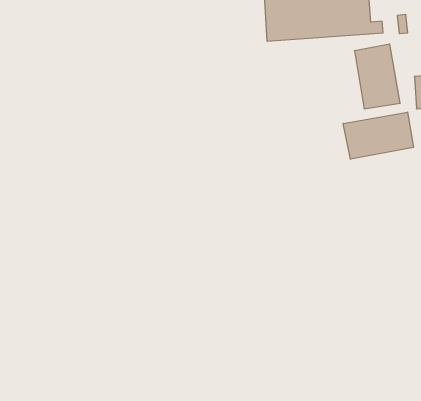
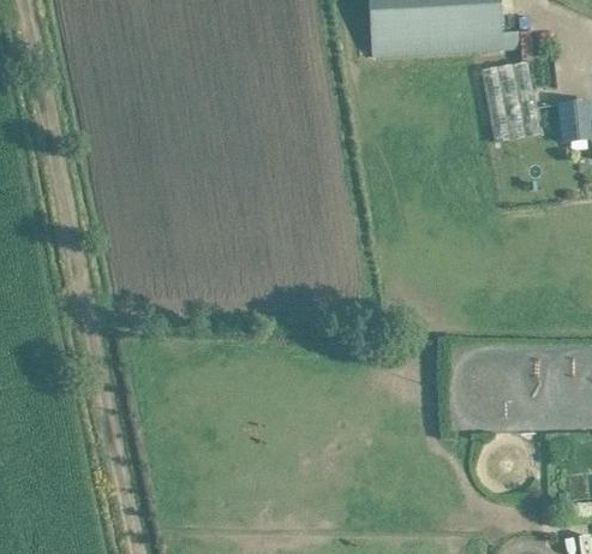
building: [343,112,413,159] -> none

